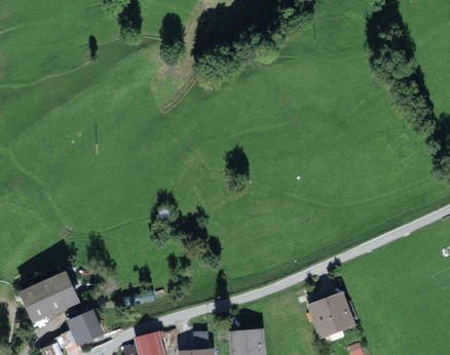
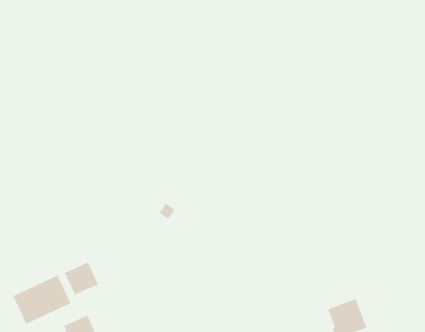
building: none -> [64,262,98,295]

